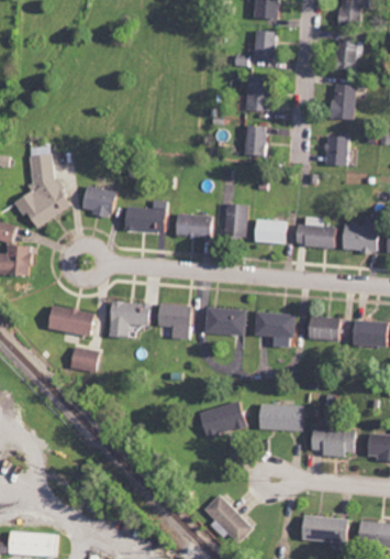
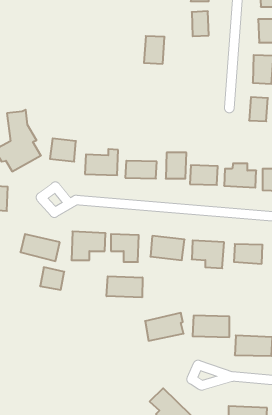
building: [246,77,271,111] -> [144,36,165,64]
building: [245,125,266,156] -> none
building: none -> [107,276,142,297]

